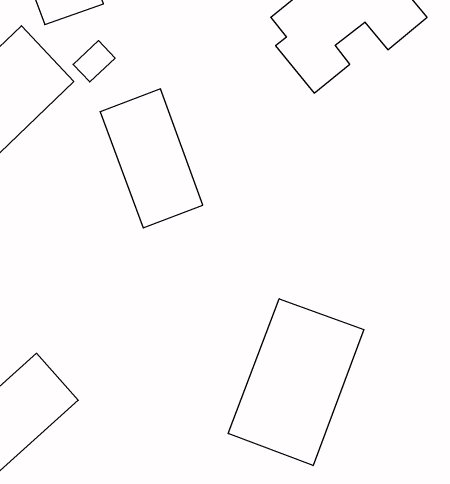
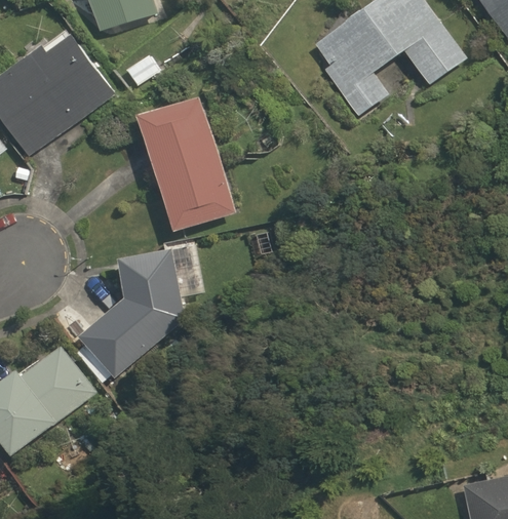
building: none -> [75,246,200,382]
building: [228,299,364,466] -> none

